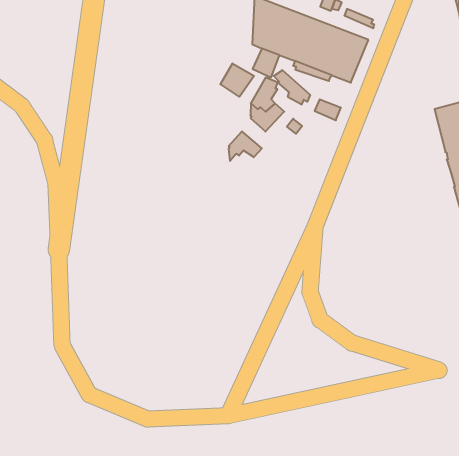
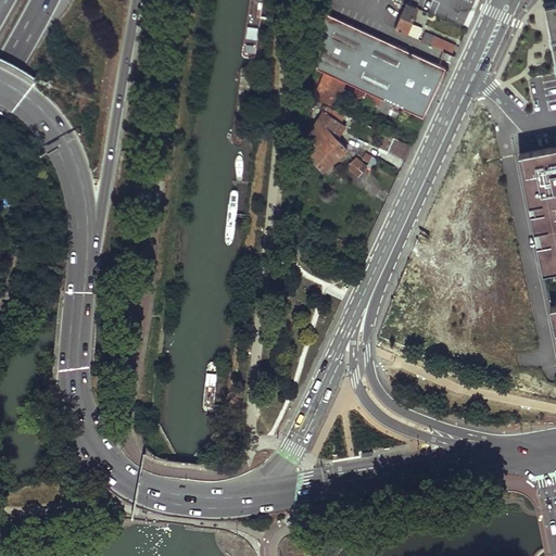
building: [220,63,254,97] -> none
building: [274,70,310,105] -> none
building: [229,131,262,161] -> none

